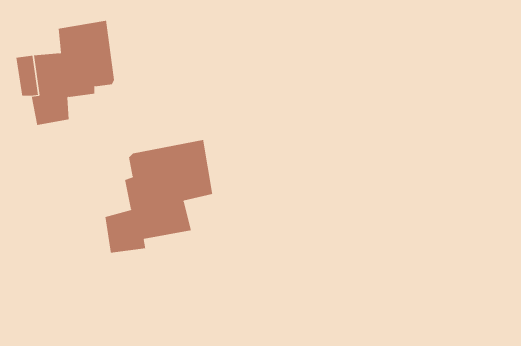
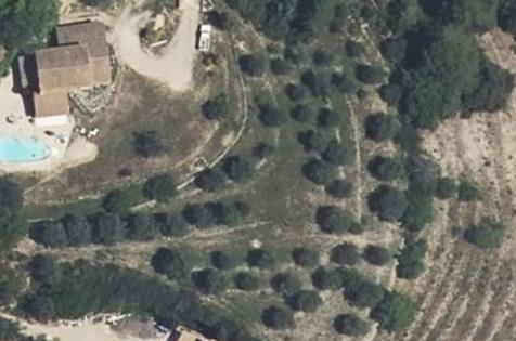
building: [105,139,213,254] -> none

